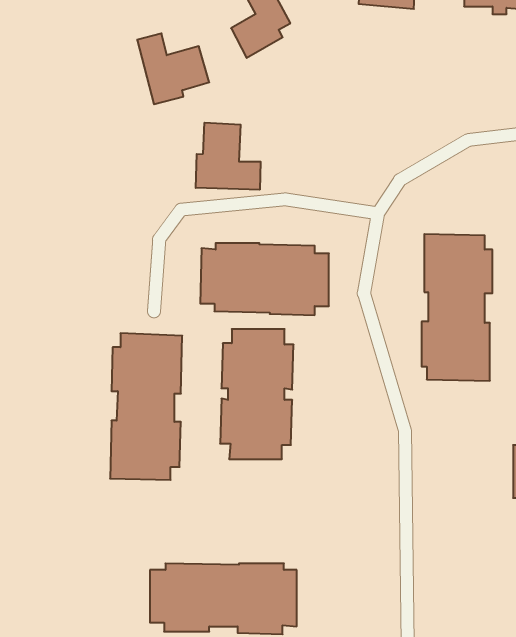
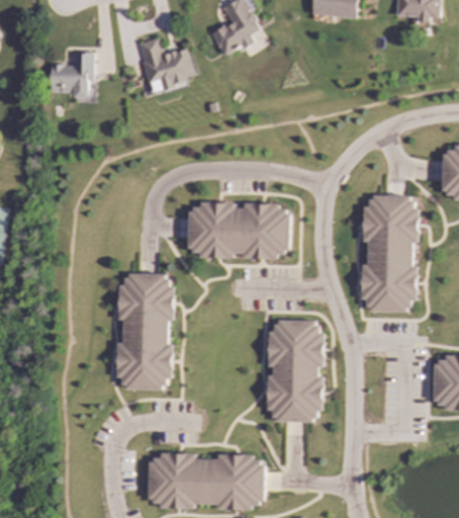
building: none -> [51,52,93,100]
building: [196,123,261,190] -> none
building: [220,329,294,459] -> [266,320,324,422]

